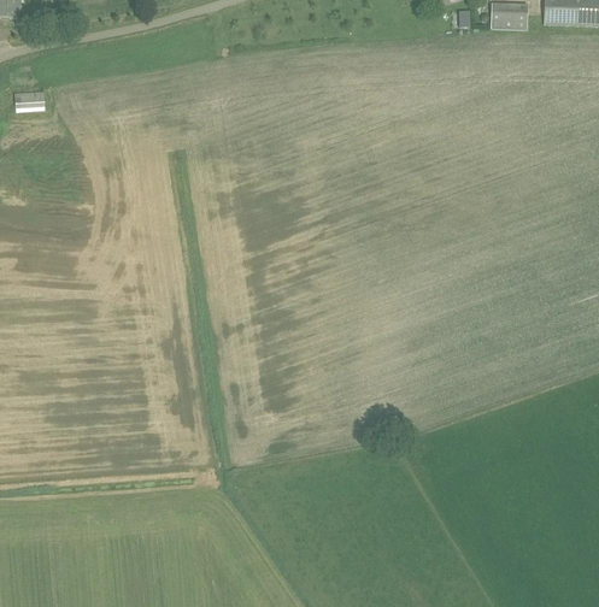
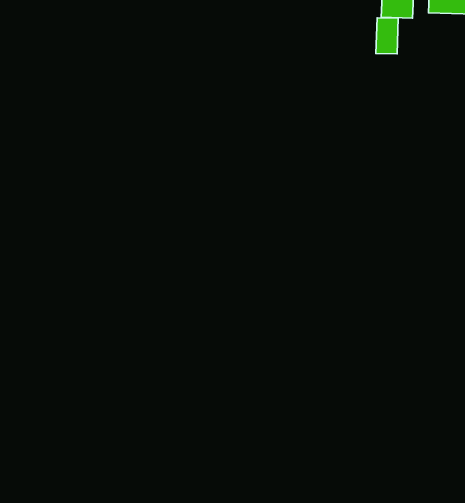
building: none -> [376,18,398,54]

